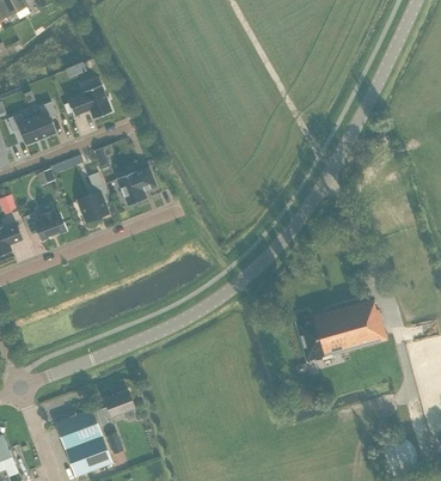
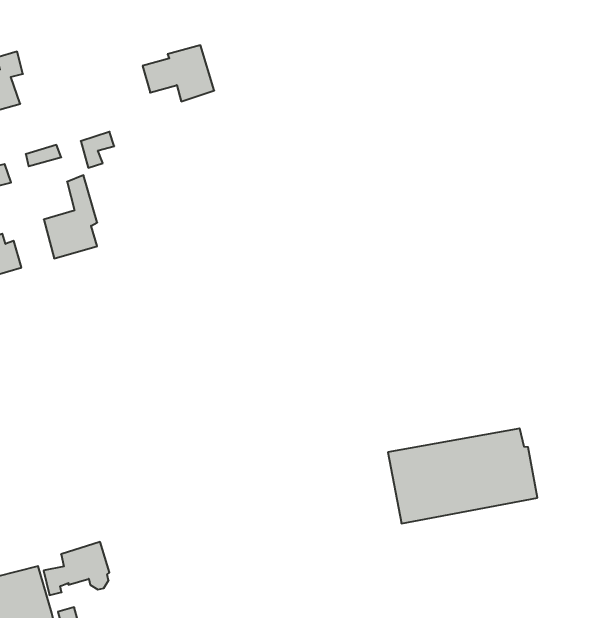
building: [68,83,112,117] -> [143,45,214,101]
building: [117,166,157,206] -> none

